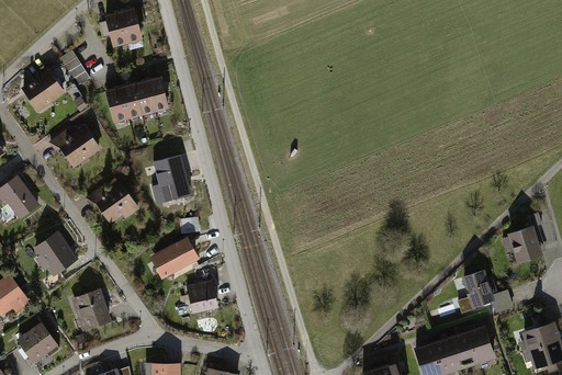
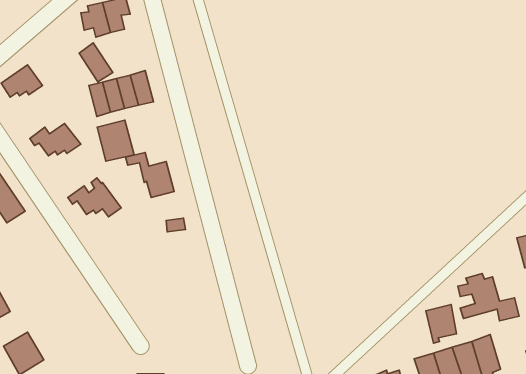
building: [56,49,88,87] -> [79,43,113,82]
building: none -> [97,120,134,161]
building: [34,234,72,273] -> none
building: [151,240,192,274] -> none
building: [184,279,215,311] -> none
building: [74,291,106,327] -> none
building: none -> [426,305,456,343]

